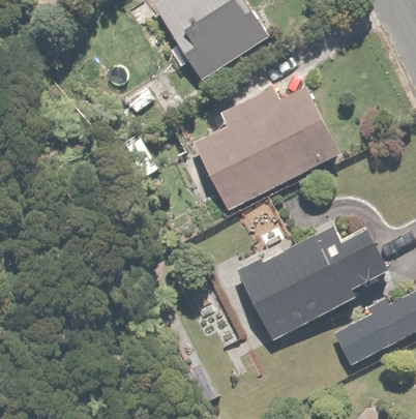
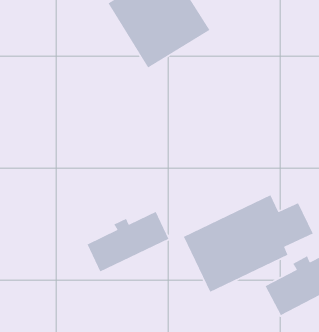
building: [195,88,340,207] -> none
building: none -> [86,211,169,273]

